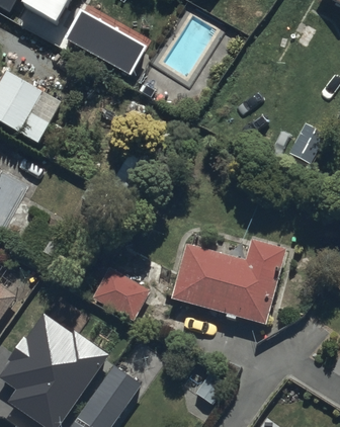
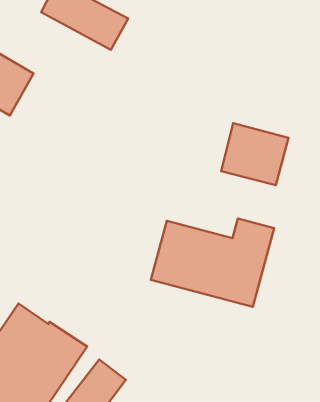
building: none -> [221,123,289,185]
building: [91,264,151,319] -> none

